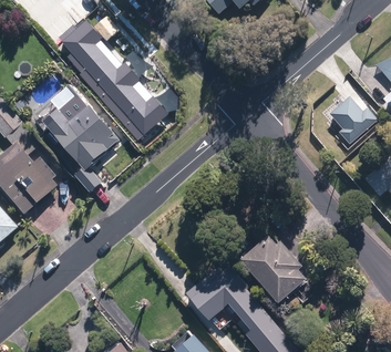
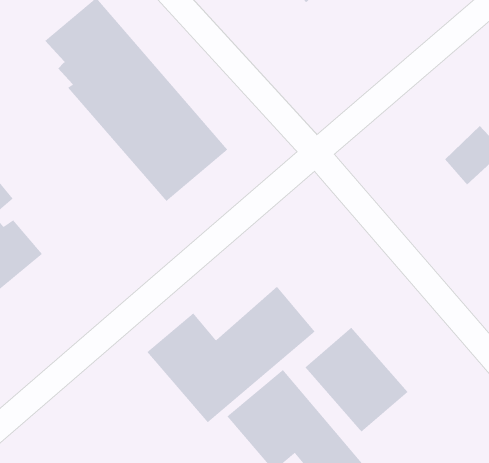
building: [47,93,123,196] -> none
building: none -> [146,286,315,423]

